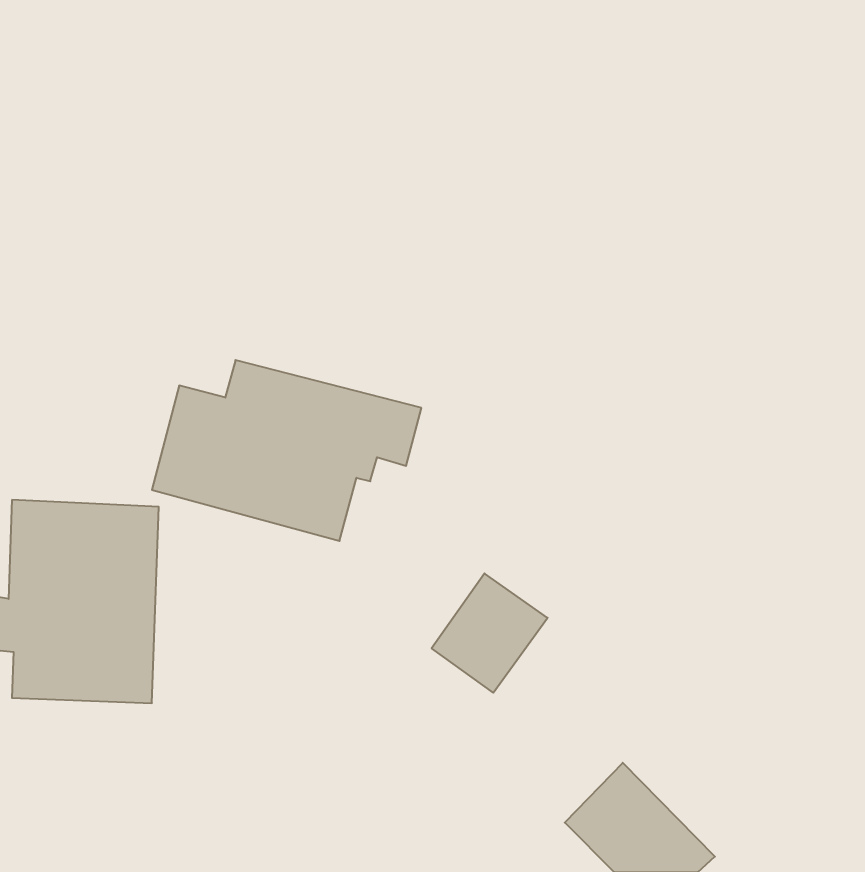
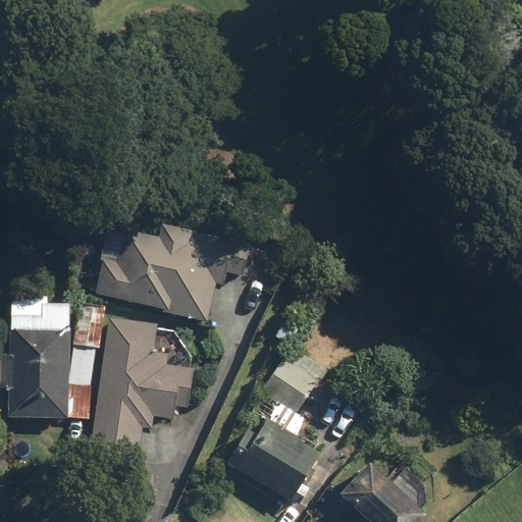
building: none -> [96,319,192,445]
building: none -> [227,413,322,504]

